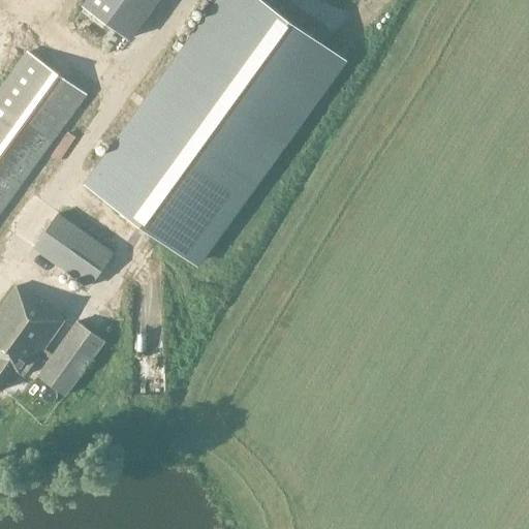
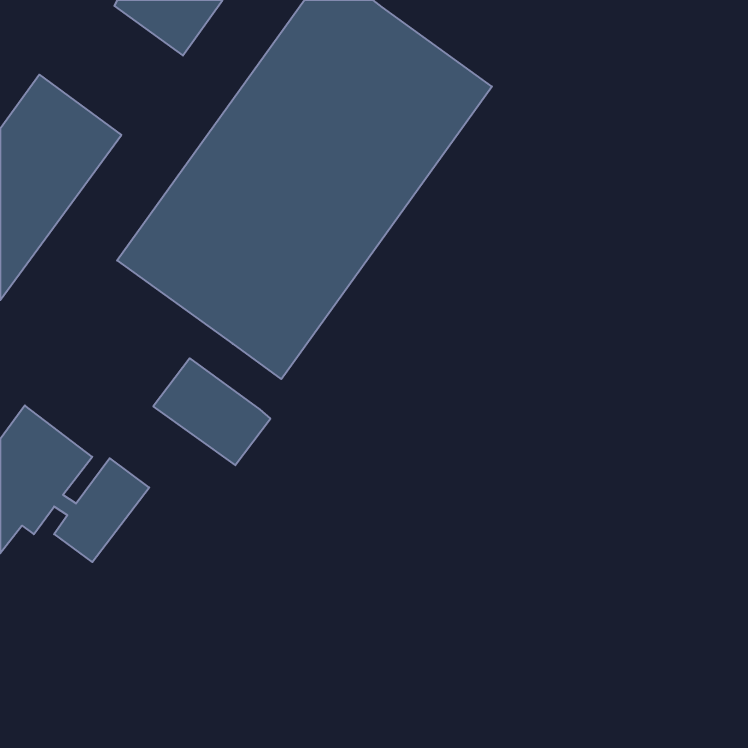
building: [31,213,114,288] -> [153,358,270,465]

